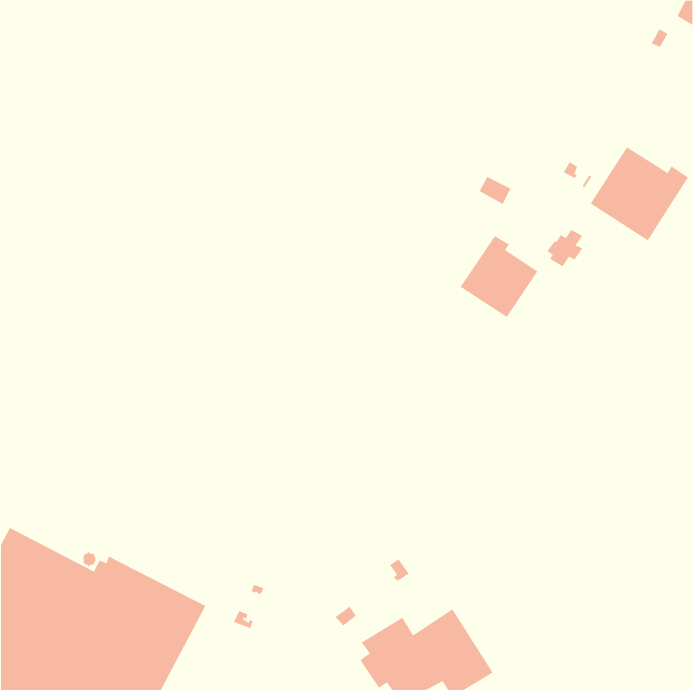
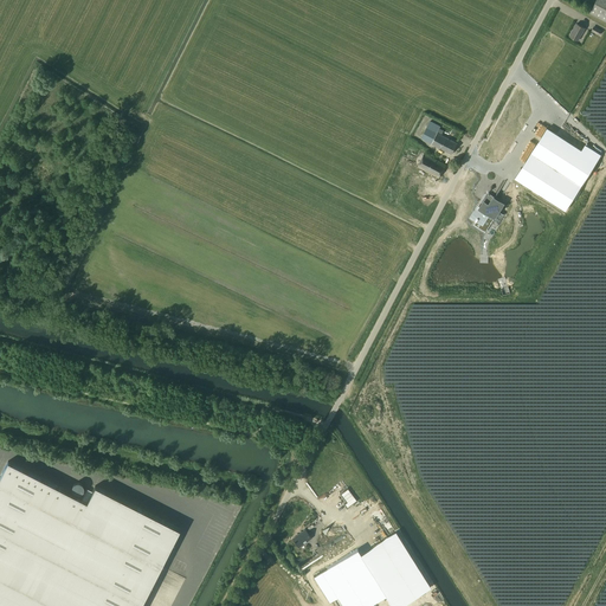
building: none -> [421,123,458,156]
building: [460,235,538,318] -> none

